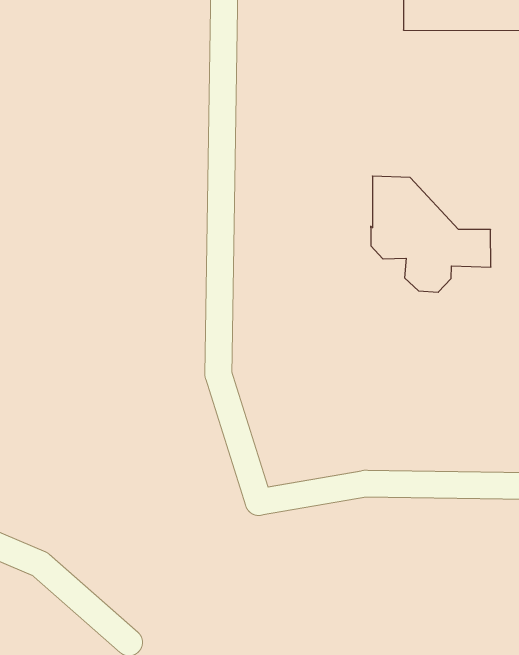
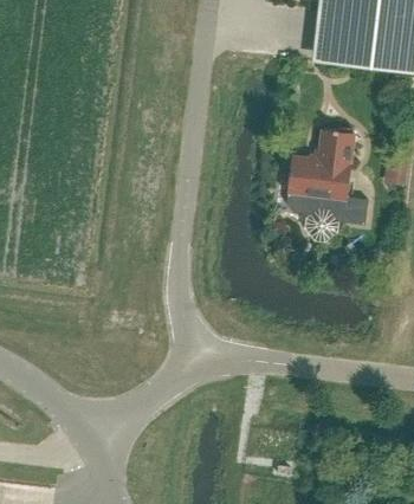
building: none -> [315,131,351,199]

